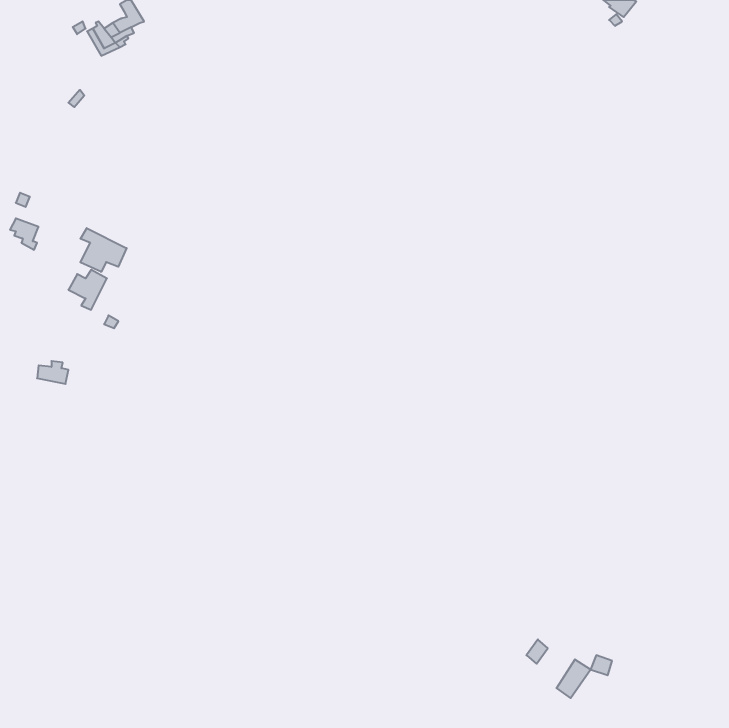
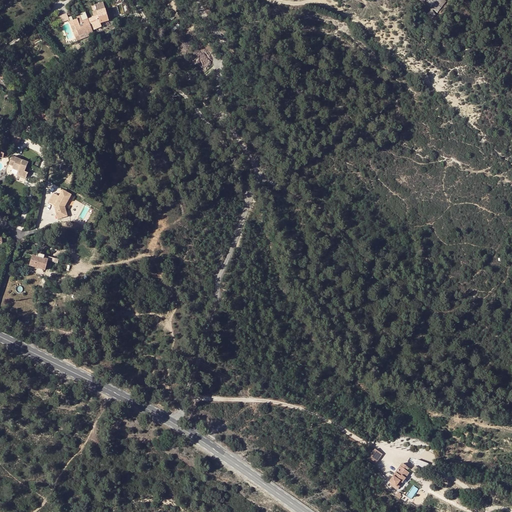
building: [80,228,127,272] -> none

